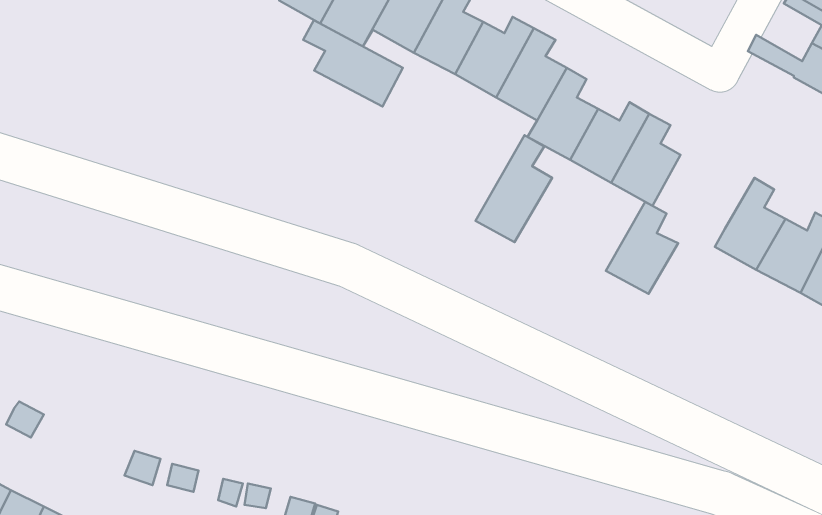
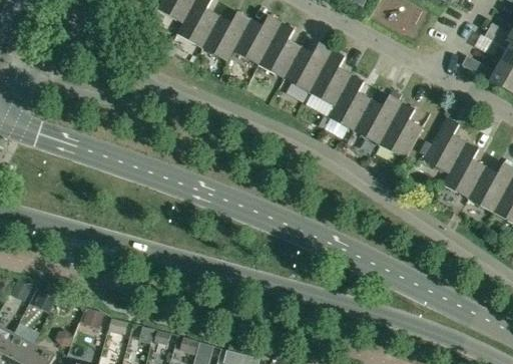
building: [303,20,403,107] -> none
building: [476,135,552,242] -> none
building: [606,202,678,294] -> [422,116,466,172]

